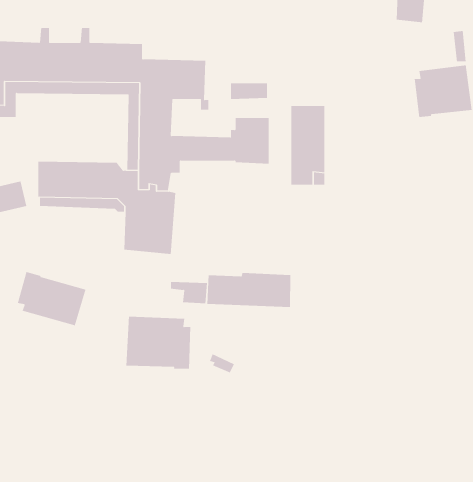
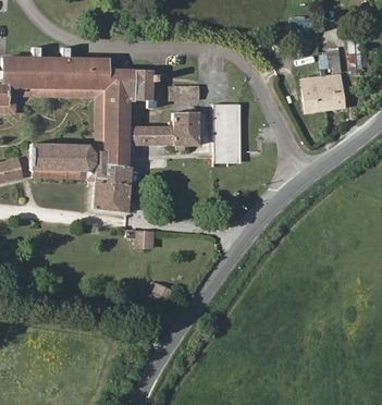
building: [17,271,86,326] -> none
building: [207,272,291,308] -> none
building: [126,316,191,370] -> none

